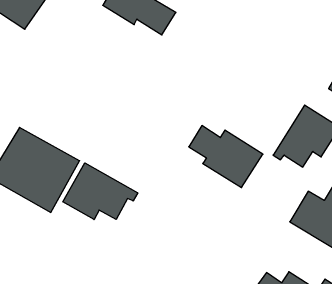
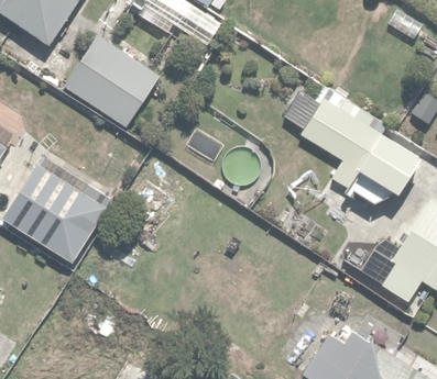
building: none -> [64,34,161,129]
building: [189,126,263,188] -> [283,92,371,166]
building: [63,163,138,220] -> none

